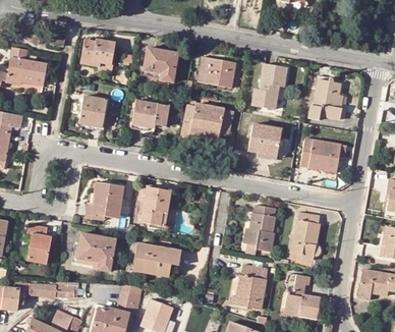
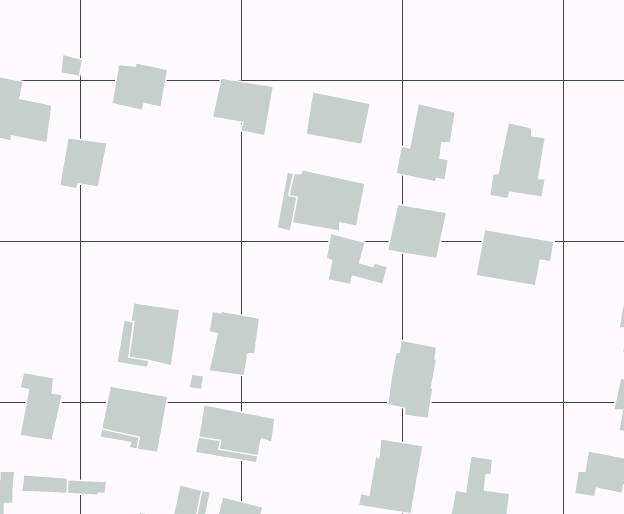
building: [78,95,107,125] -> [59,138,107,189]
building: [131,99,169,128] -> none
building: none -> [326,233,388,284]
building: [289,211,321,256] -> none

